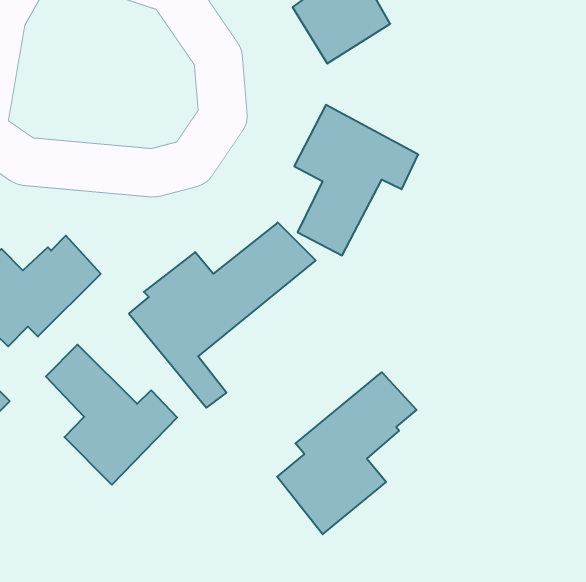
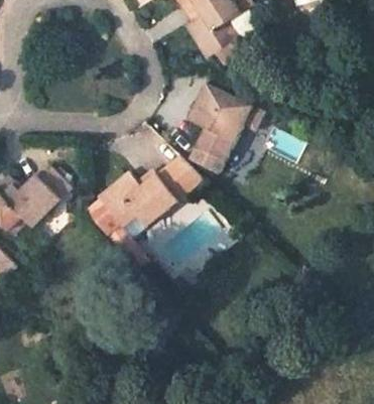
building: [46,345,177,485] -> none
building: [277,372,417,534] -> none

